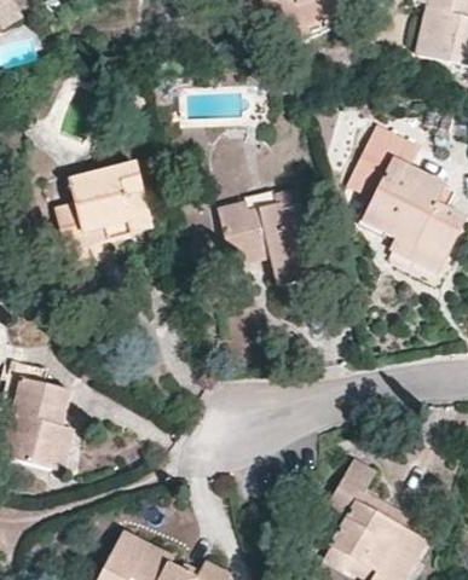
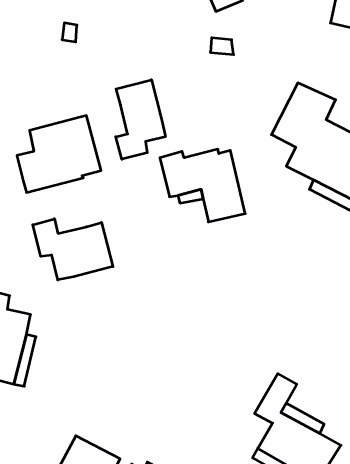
building: none -> [116,80,165,159]
building: none -> [33,219,113,280]

